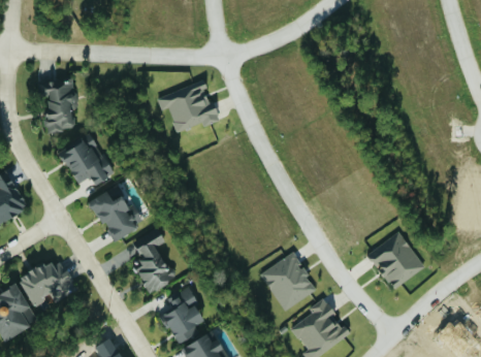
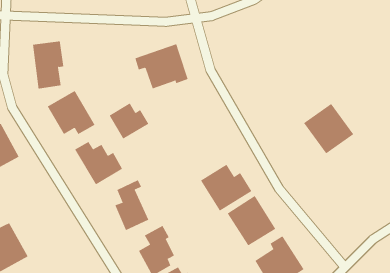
building: none -> [109,103,149,140]
building: none -> [200,164,252,212]
building: [367,232,425,290] -> [303,103,354,154]
building: [18,257,73,306] -> none

